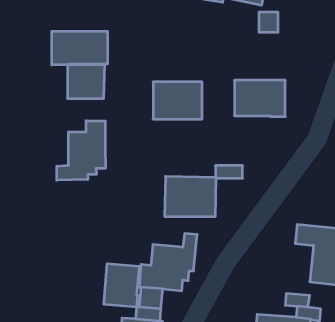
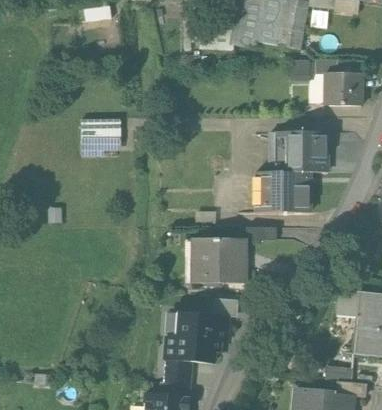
building: none -> [326,72,363,104]
building: [52,31,107,65] -> none
building: [153,82,202,119] -> [255,170,309,211]
building: [57,121,105,180] -> none
building: [104,264,139,307] -> none

